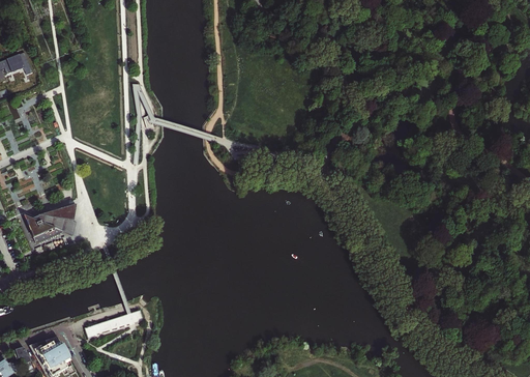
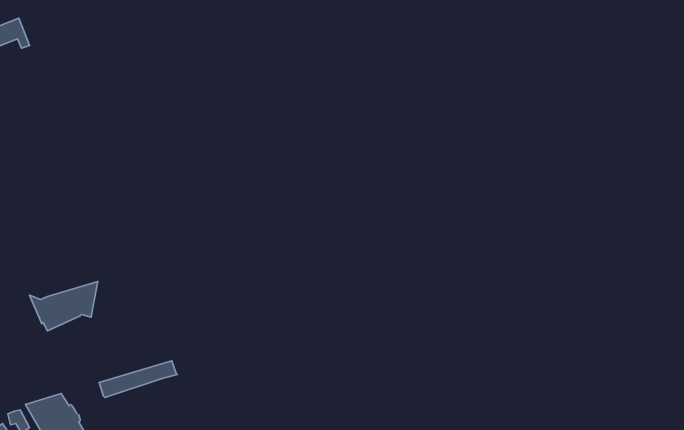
building: [24,207,76,244] -> [30,282,98,331]

